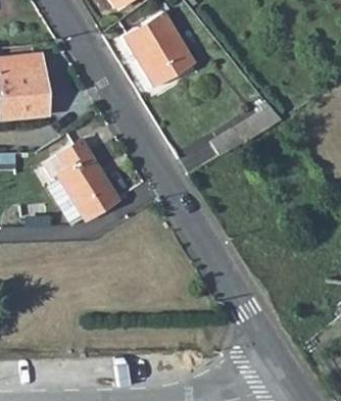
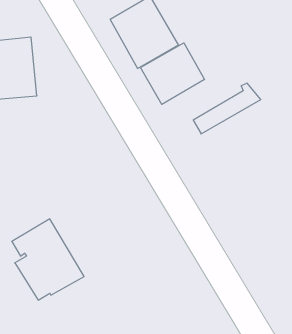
building: none -> [141,43,204,104]
building: [44,140,119,224] -> [12,219,84,300]

